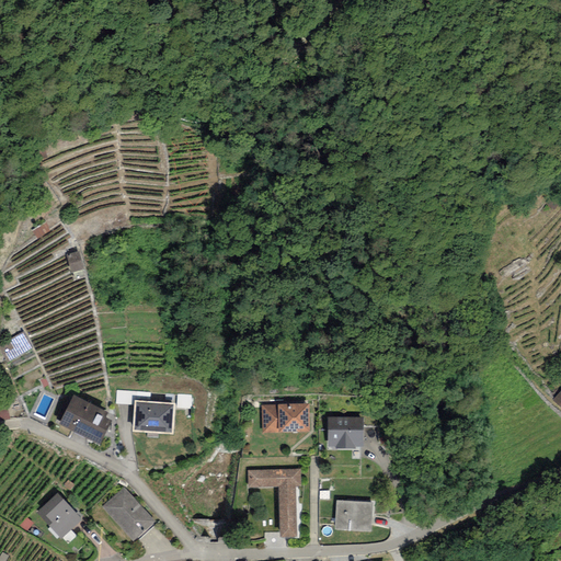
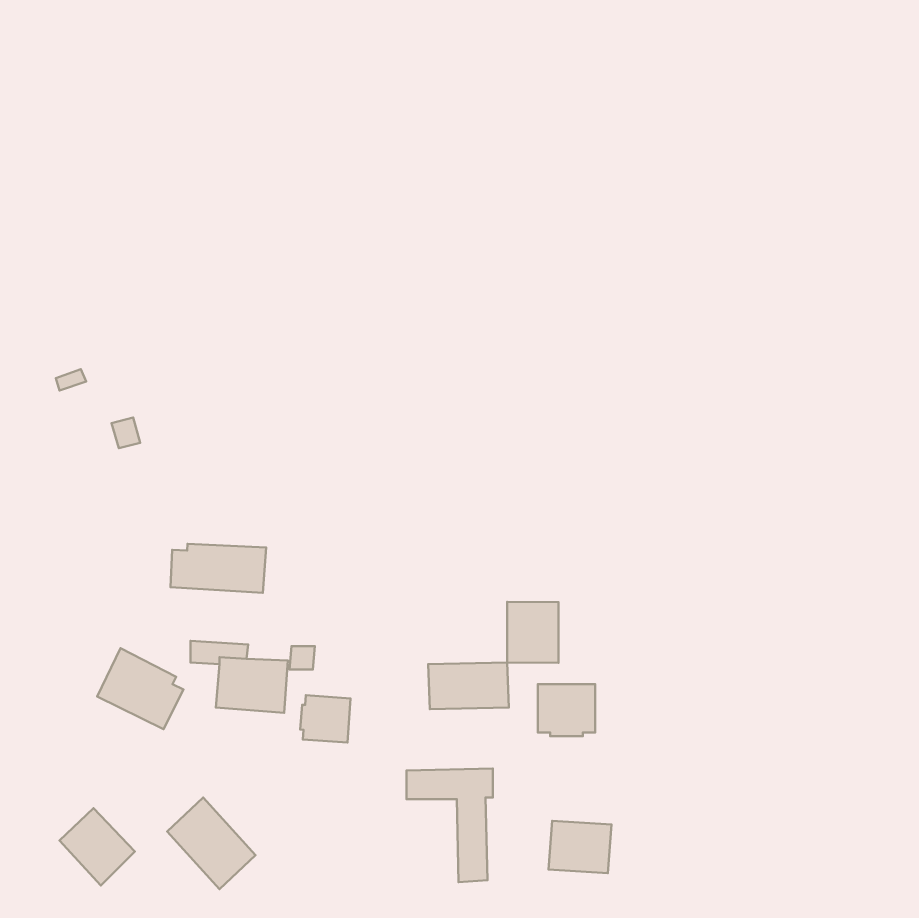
building: none -> [170,544,266,593]
building: none -> [507,602,559,663]
building: none -> [300,695,351,742]

